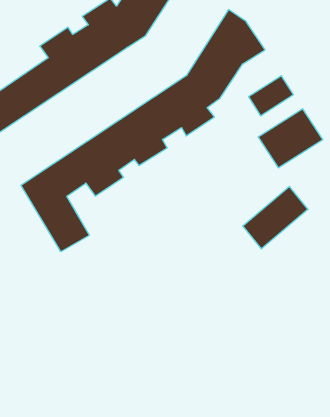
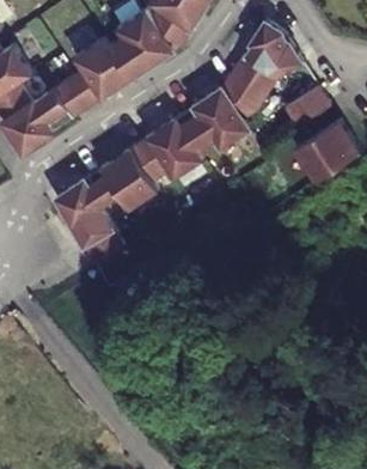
building: [243,186,308,249] -> none

